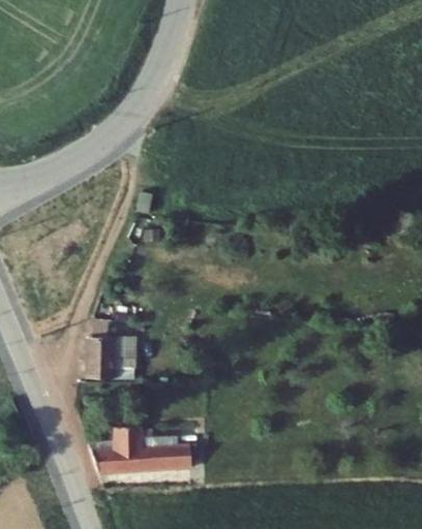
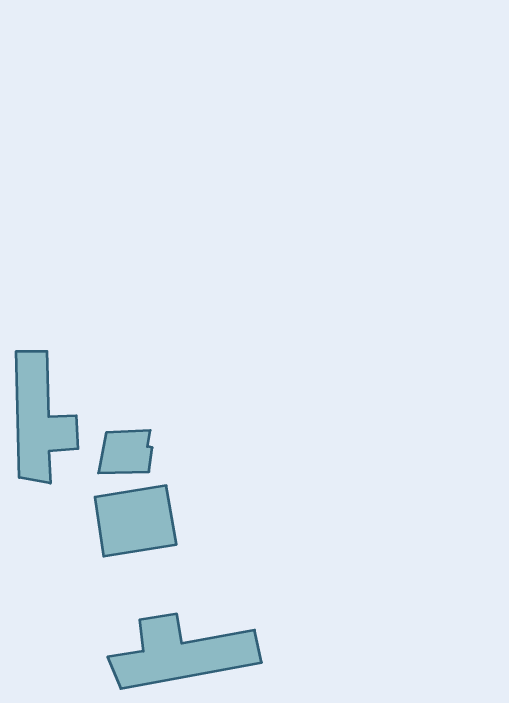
building: none -> [16,351,78,483]

